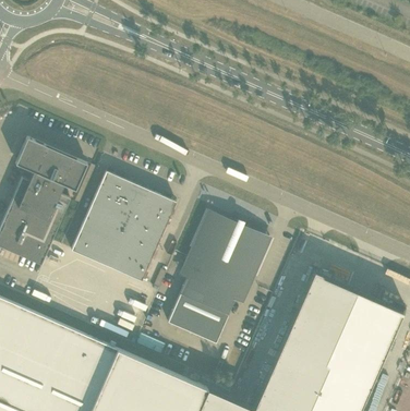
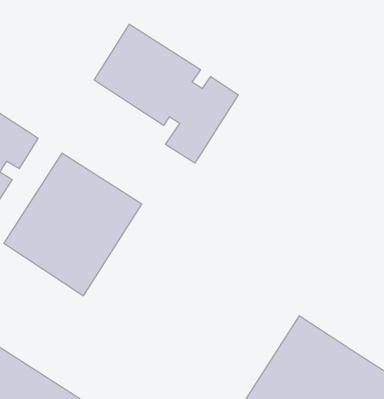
building: none -> [94,24,238,163]
building: [167,210,269,343] -> none

